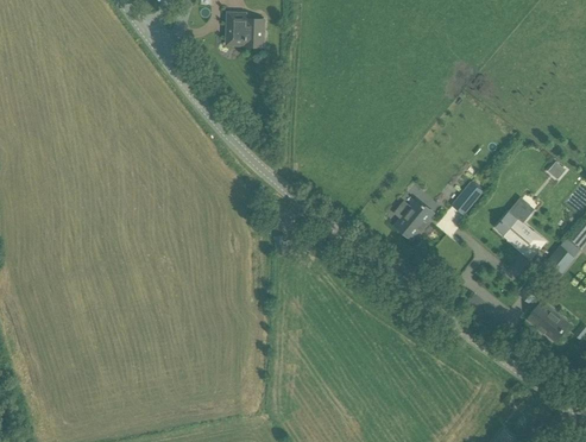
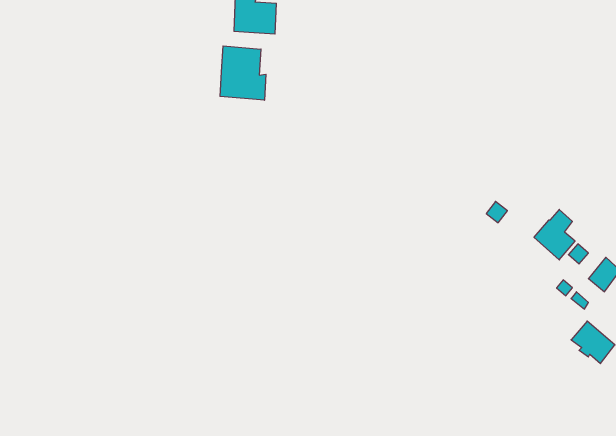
building: none -> [220,46,266,100]
building: [395,201,431,239] -> none

